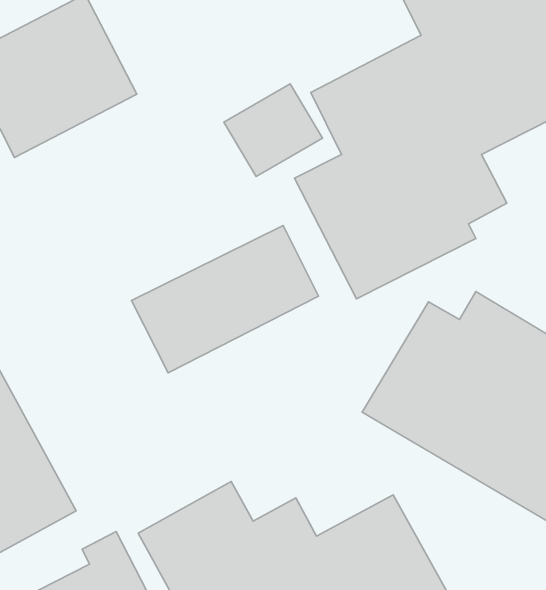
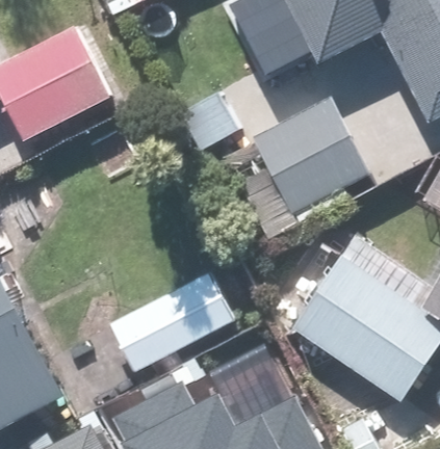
building: [131,225,319,373] -> [103,272,235,376]

